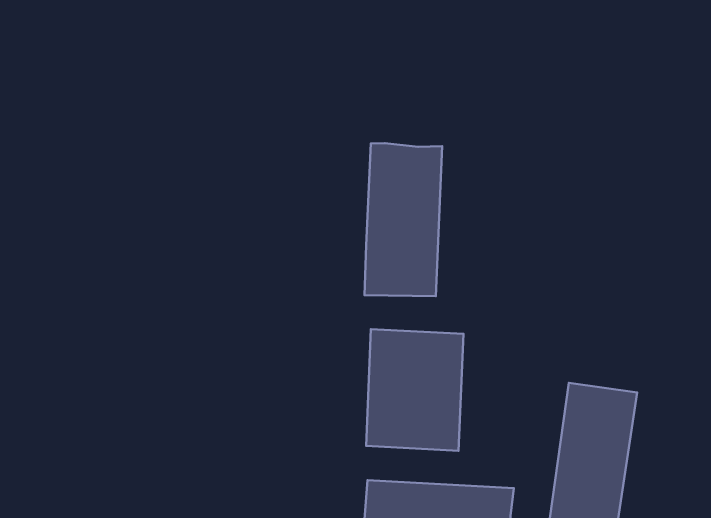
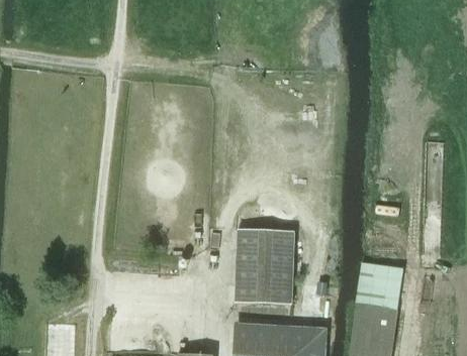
building: [364,143,442,296] -> none

